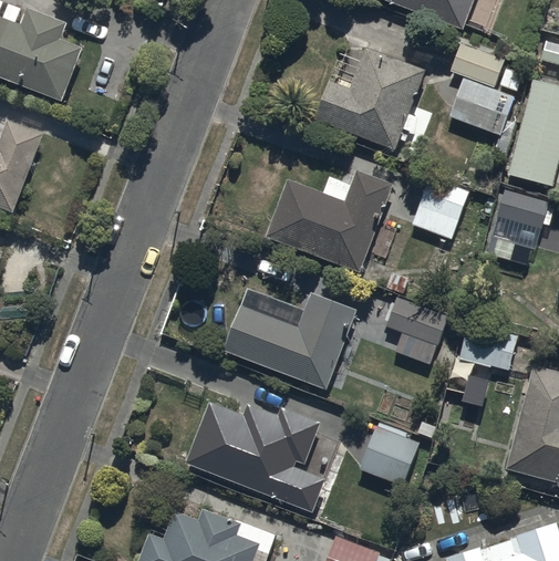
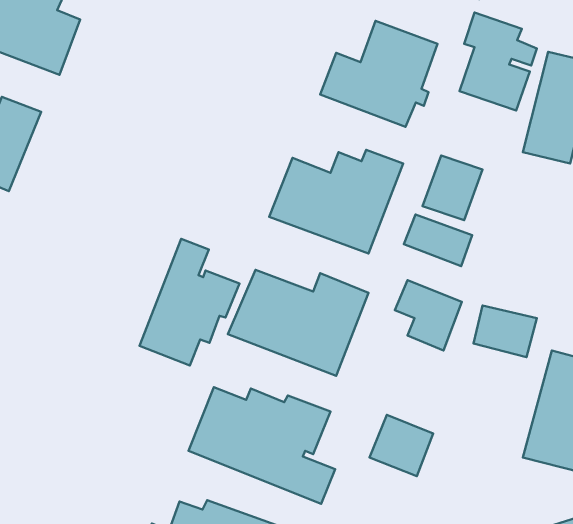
building: [493,189,549,236] -> none
building: none -> [404,215,472,266]
building: none -> [140,239,239,365]

